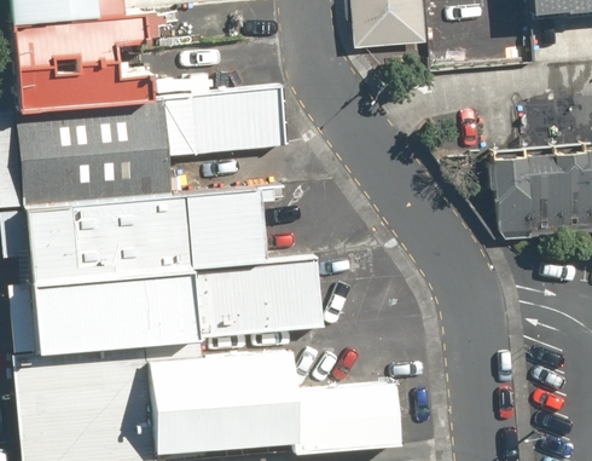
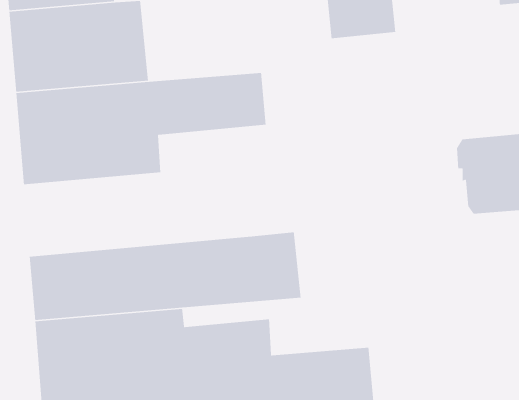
building: [25,185,269,282] -> none

